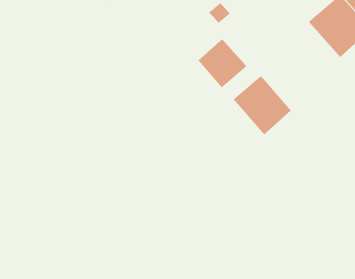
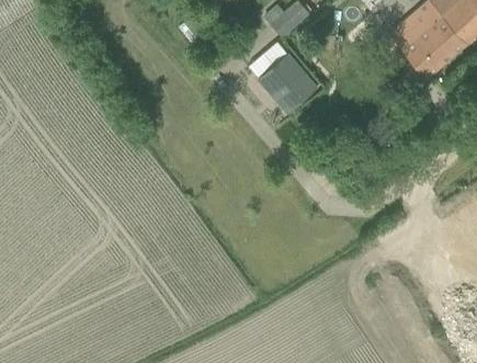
building: [233,75,292,135] -> none

